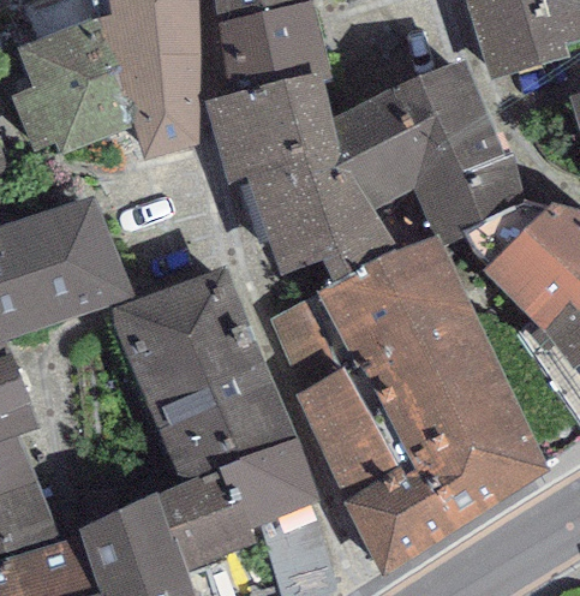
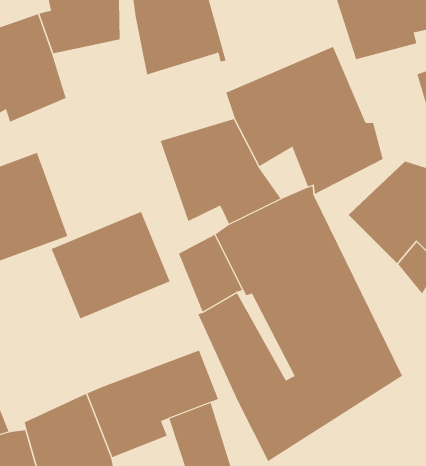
building: [113,52,197,159] -> none
building: [203,68,339,185] -> none
building: [147,353,295,483] -> none

